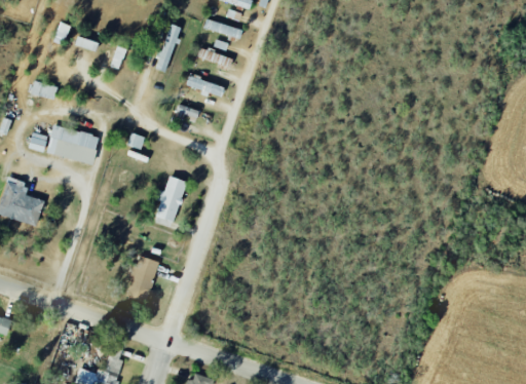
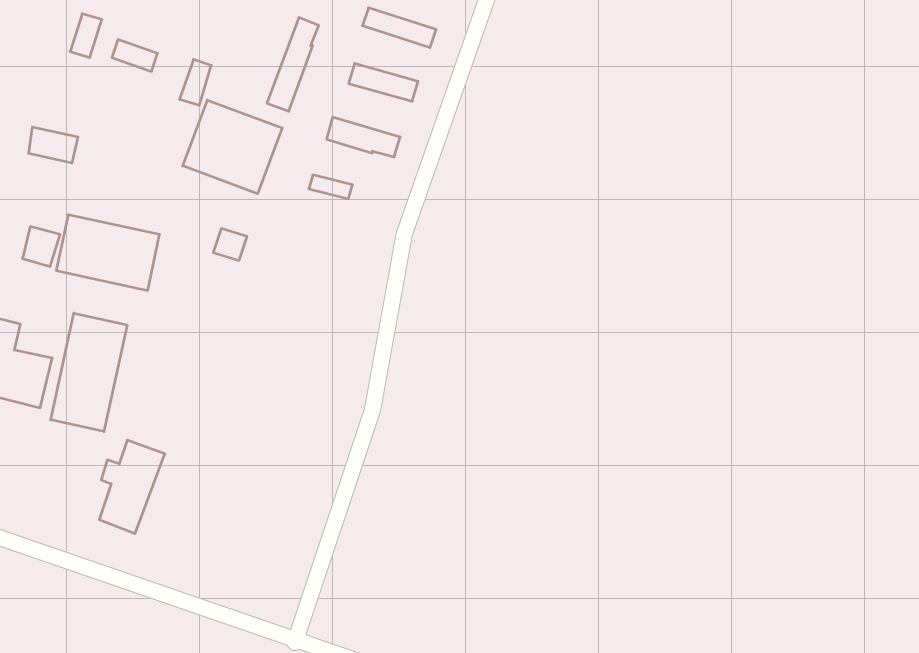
building: none -> [183,100,282,194]
building: [154,176,186,223] -> none
building: none -> [51,313,127,432]
building: [125,255,159,303] -> [99,440,165,534]

